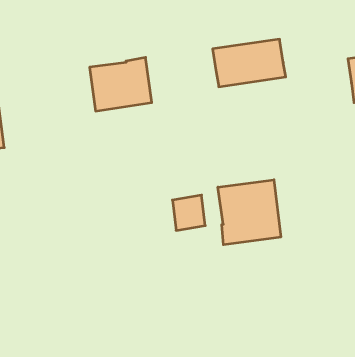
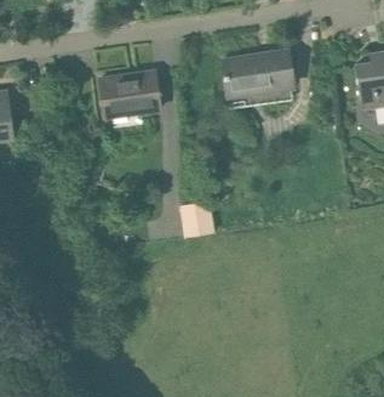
building: [218,180,281,245] -> none

